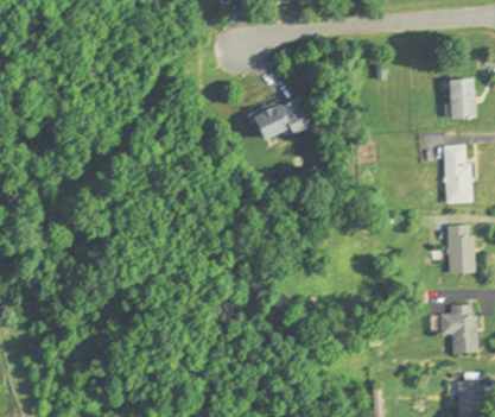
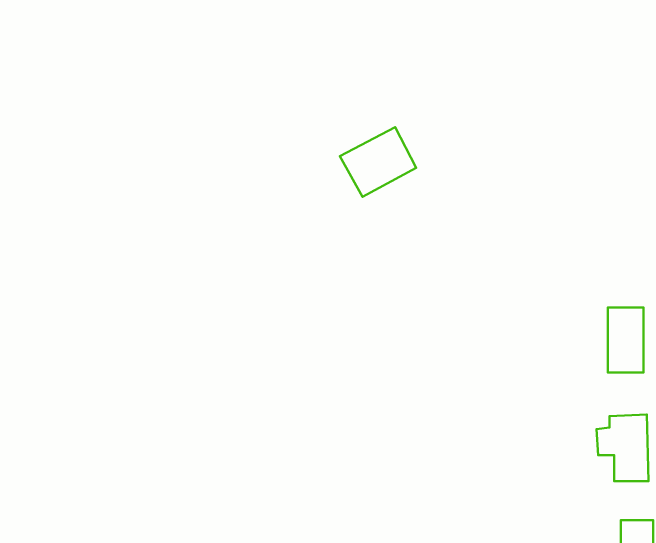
building: [448,78,474,119] -> none
building: [443,145,469,203] -> none

